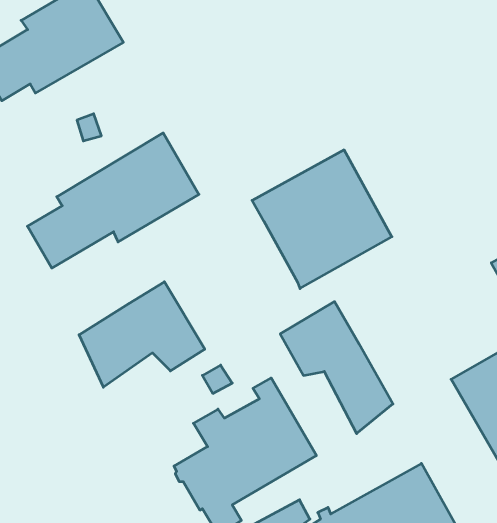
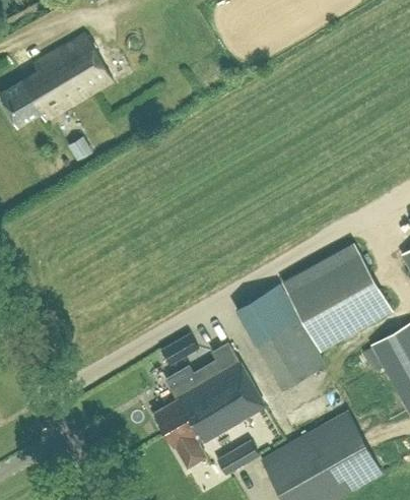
building: [27,133,199,268] -> none
building: [252,150,392,289] -> [282,243,392,352]
building: [79,282,205,387] -> none

